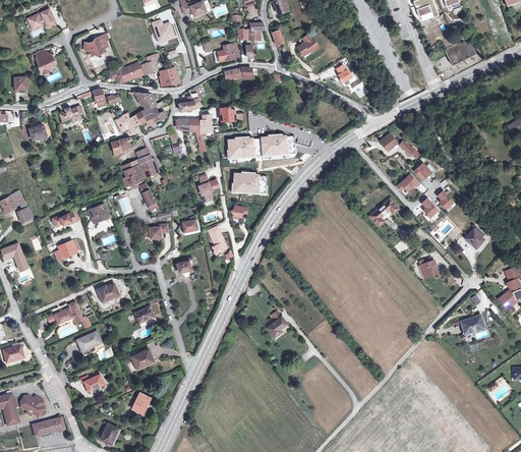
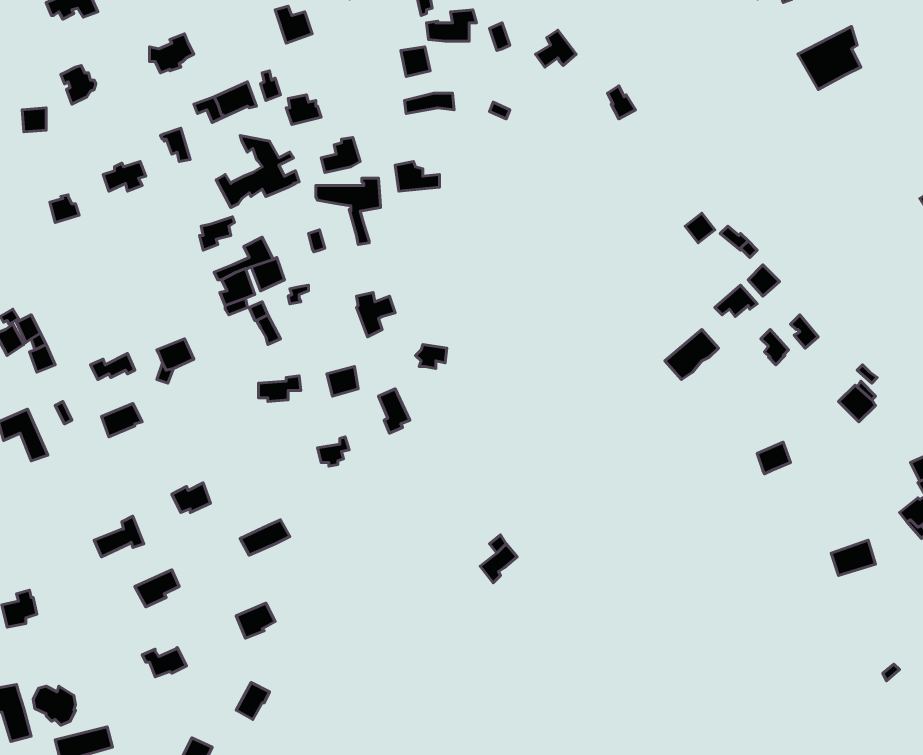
building: [229,133,296,162] -> none
building: [234,173,268,193] -> none

